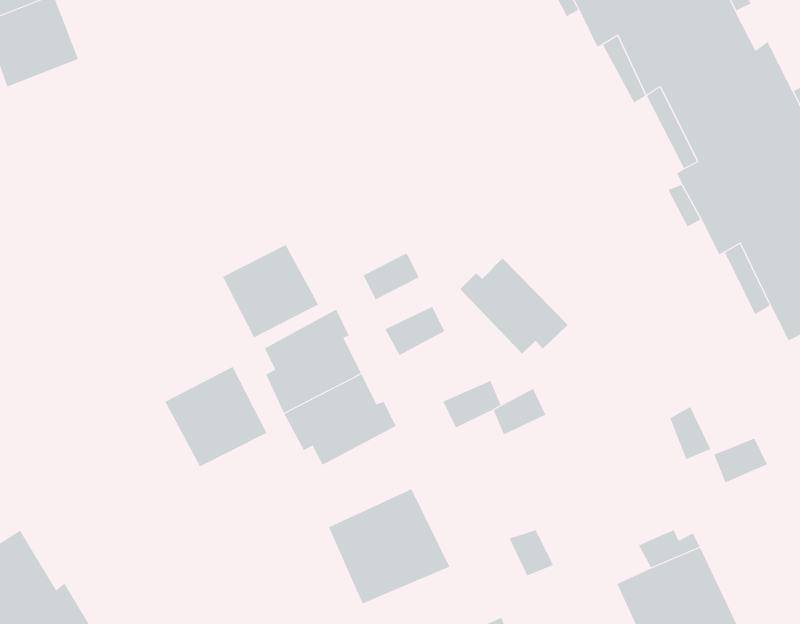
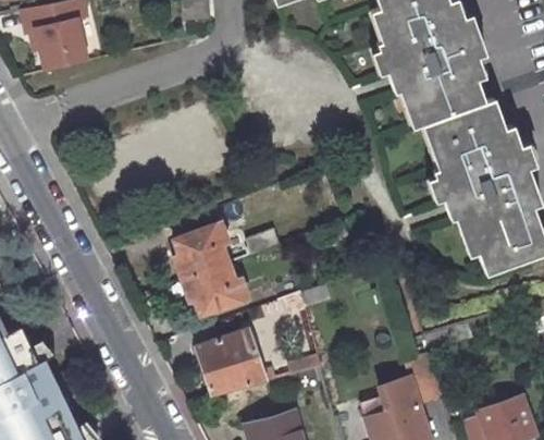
building: [222,244,319,338] -> none
building: [460,257,569,355] -> none
building: [164,366,267,467] -> none

